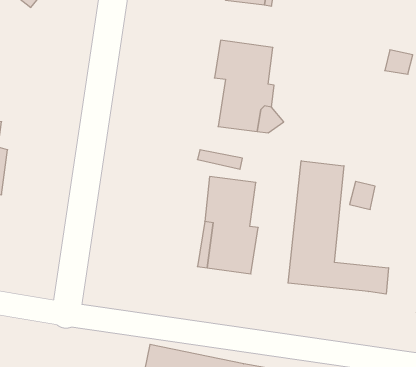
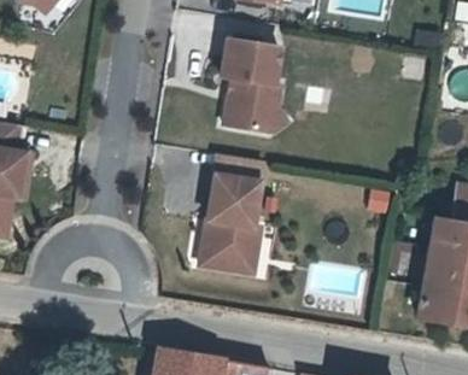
building: [288,161,389,294] -> none

